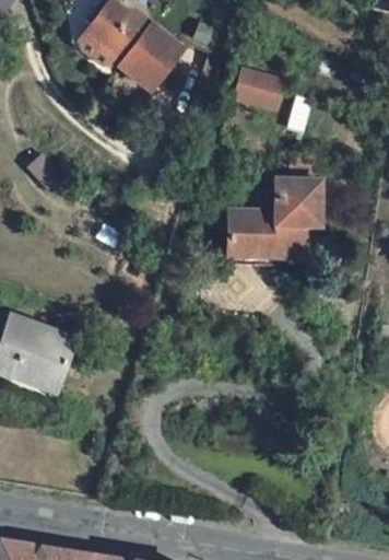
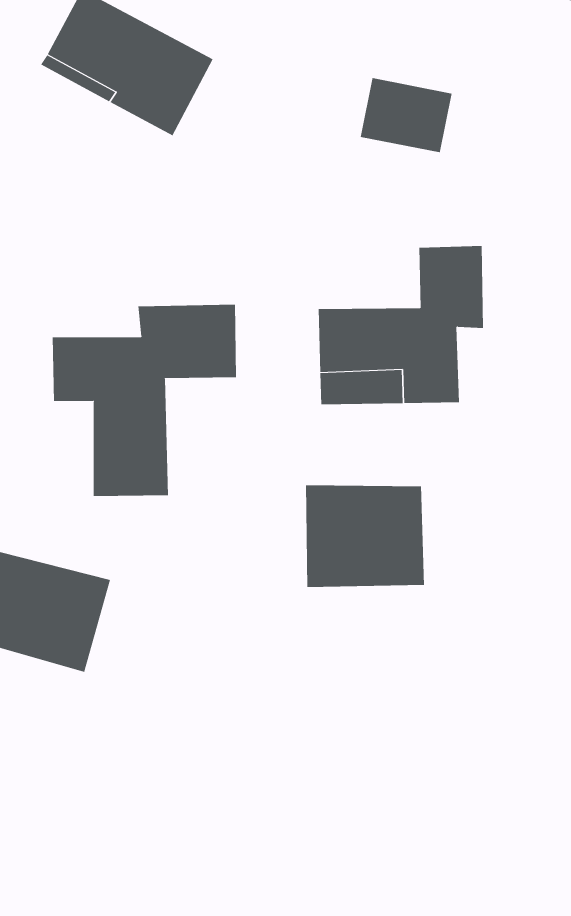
building: none -> [52,304,236,497]
building: none -> [305,484,424,588]

